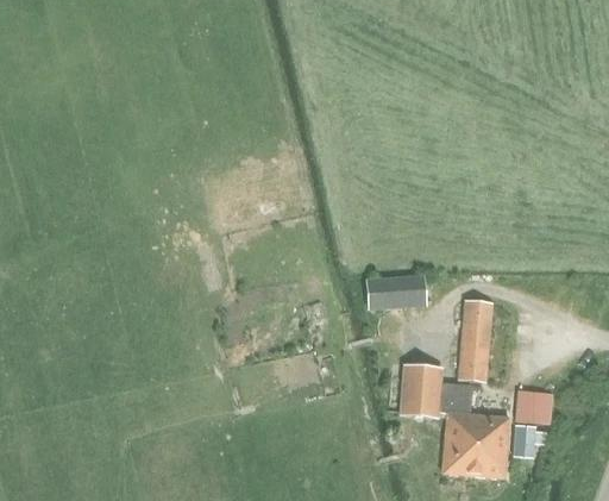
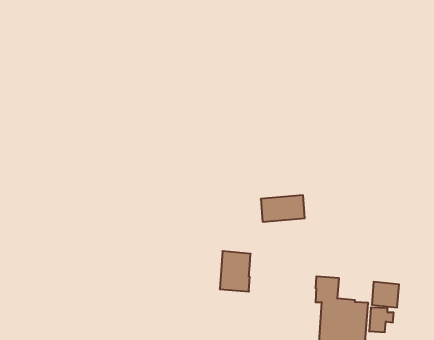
building: [458,301,491,382] -> none
building: [400,364,441,419] -> [220,251,251,292]

